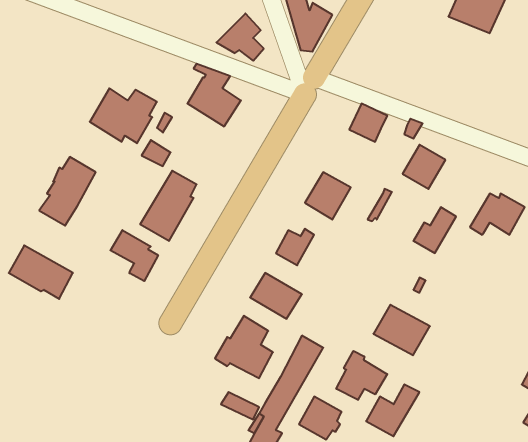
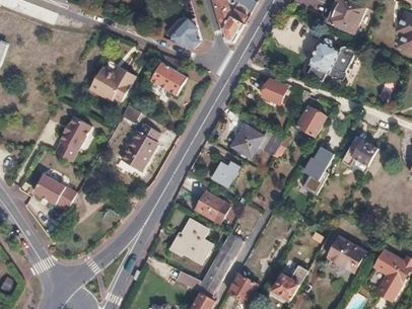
building: none -> [304,42,351,81]
building: [110,230,158,281] -> none
building: [373,305,430,355] -> [327,237,364,271]
building: [336,351,387,400] -> none

